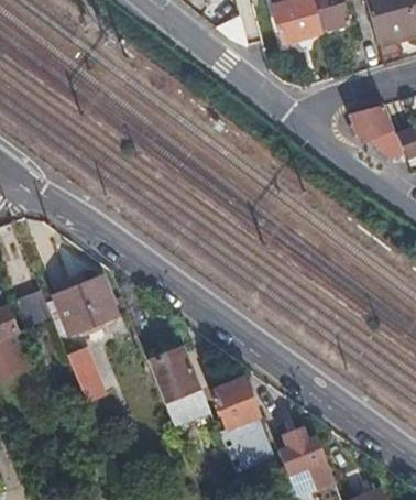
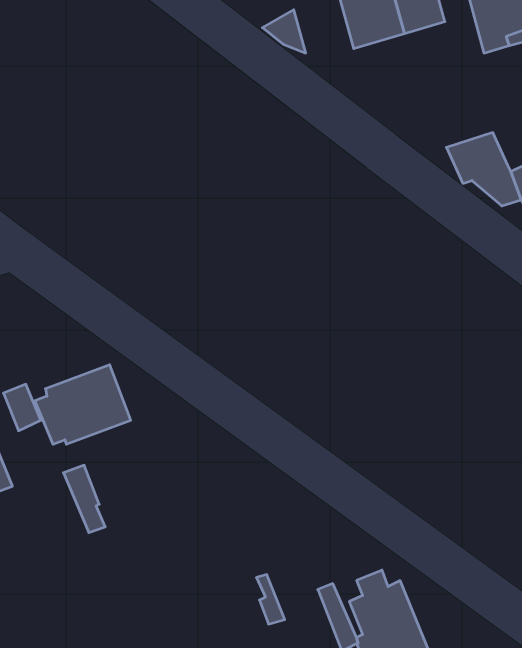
building: [147,346,211,424] -> none
building: [211,378,259,428] -> none

